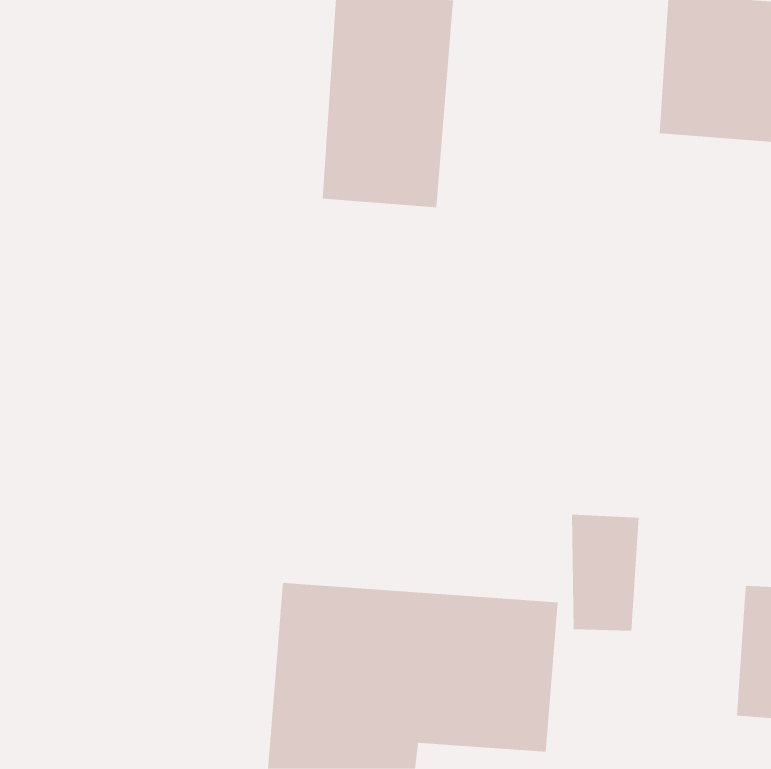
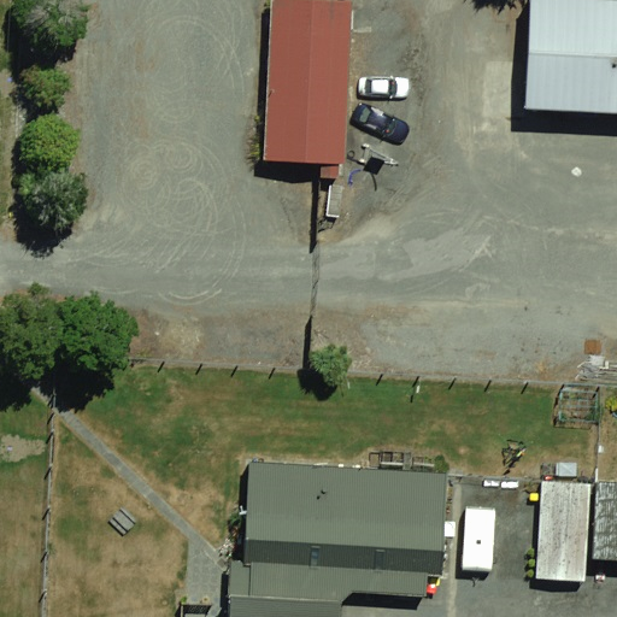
building: [571,514,640,631] -> [540,476,594,569]

